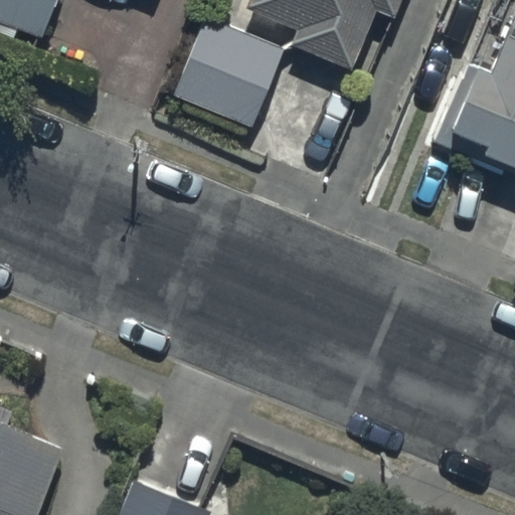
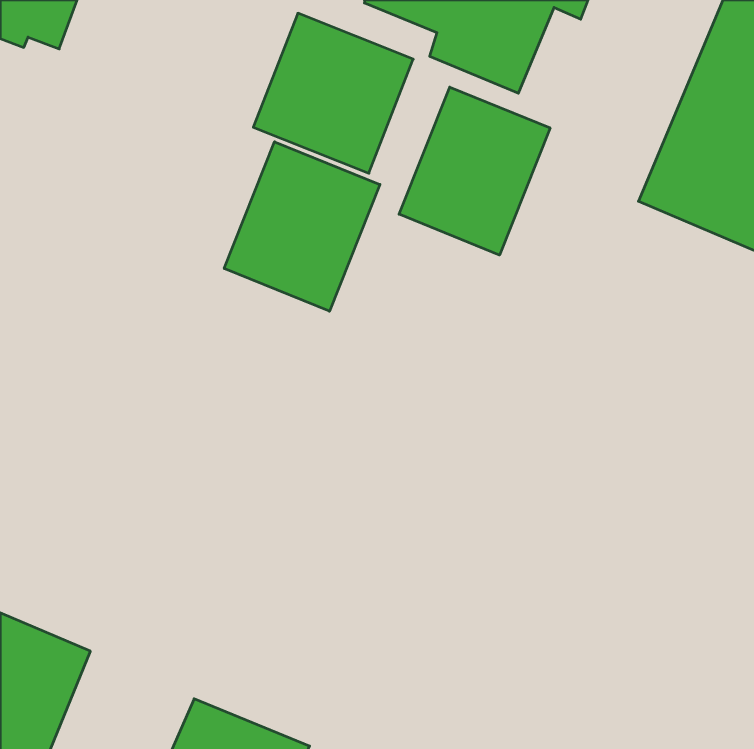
building: none -> [399,87,550,255]
building: none -> [224,142,380,311]

